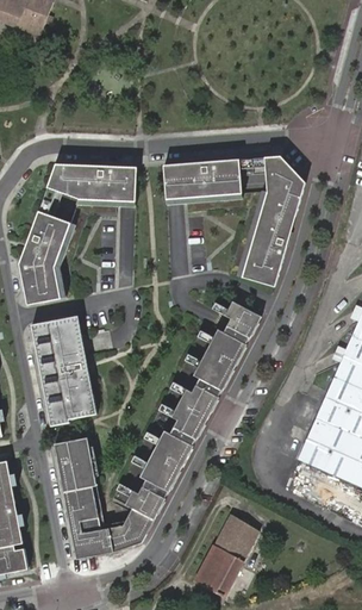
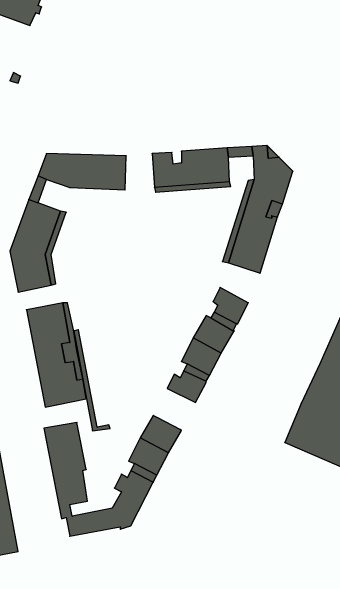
building: [31,323,68,425] -> [74,330,110,431]
building: [169,403,207,444] -> none
building: [194,512,258,595] -> none

